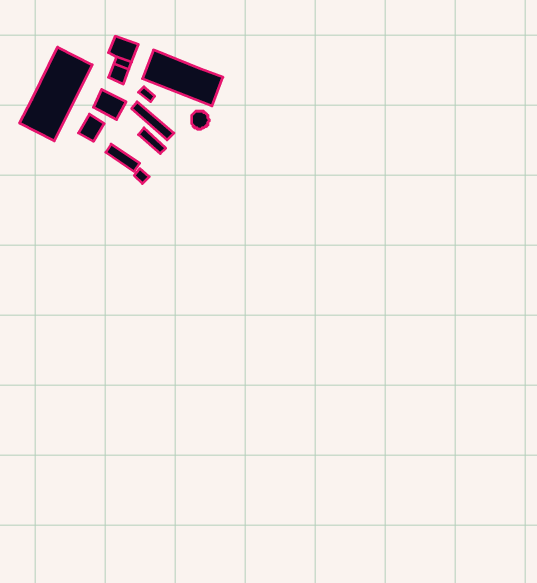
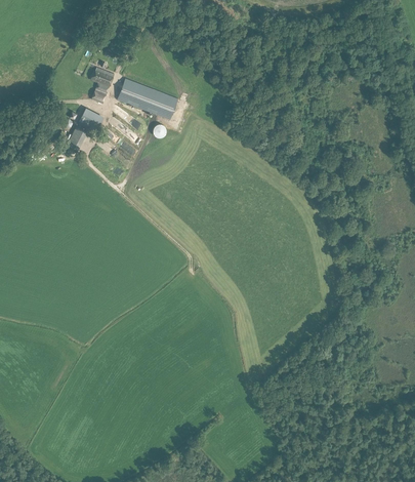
building: [20,47,92,141] -> none

